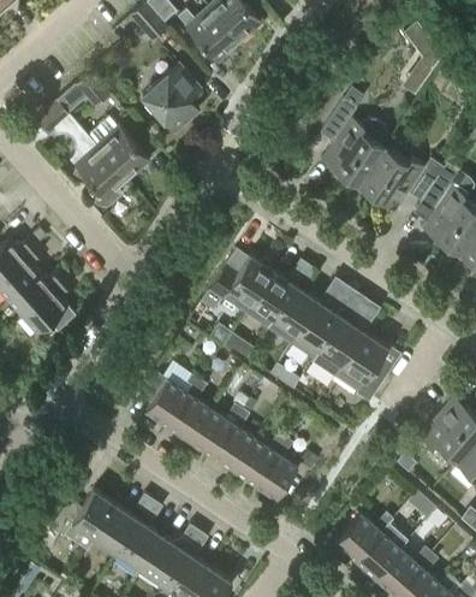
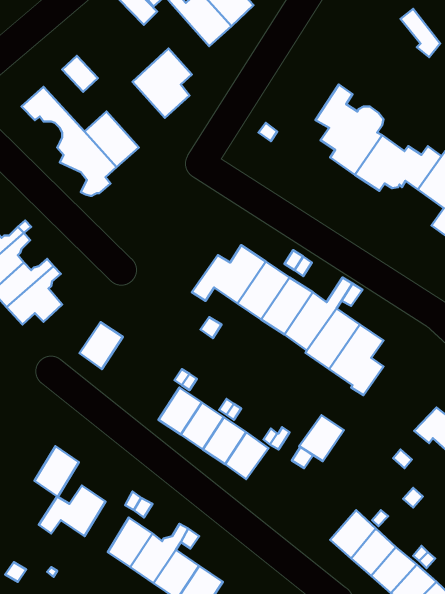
building: [147,380,189,426] -> [80,322,123,369]
building: [254,454,297,498] -> [299,415,344,461]
building: [96,506,139,555] -> [35,446,79,497]

